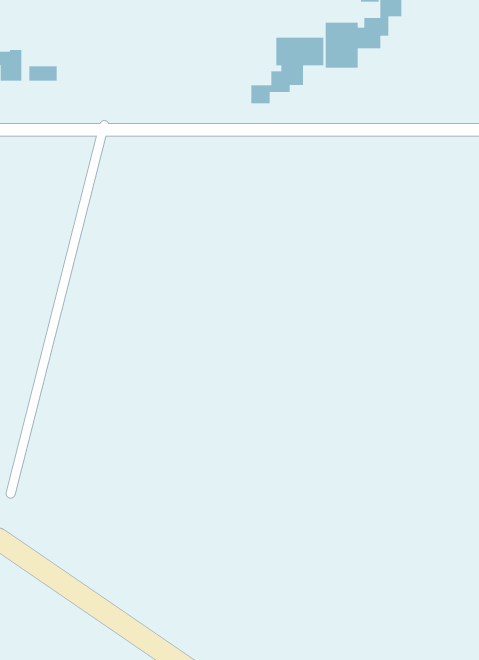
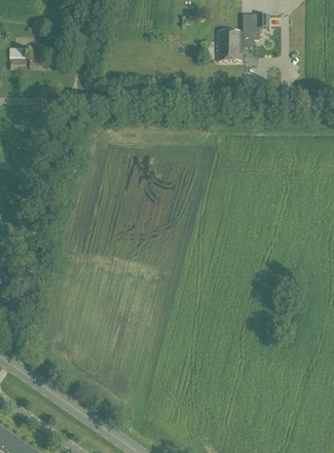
building: [250,37,324,104] -> none

